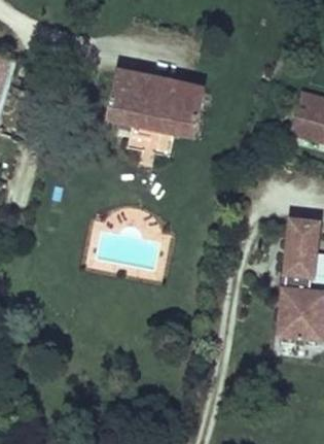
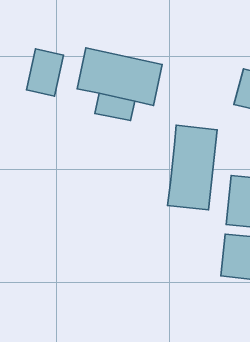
building: none -> [27,49,63,96]
building: none -> [168,125,217,210]

